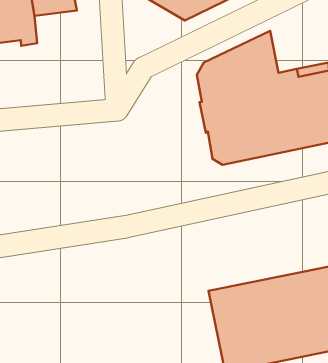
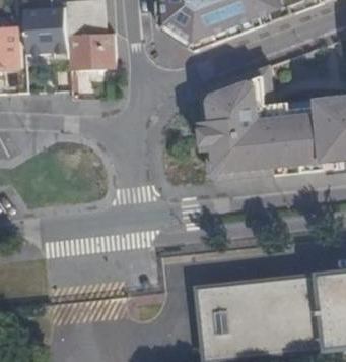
building: none -> [65,31,113,67]

